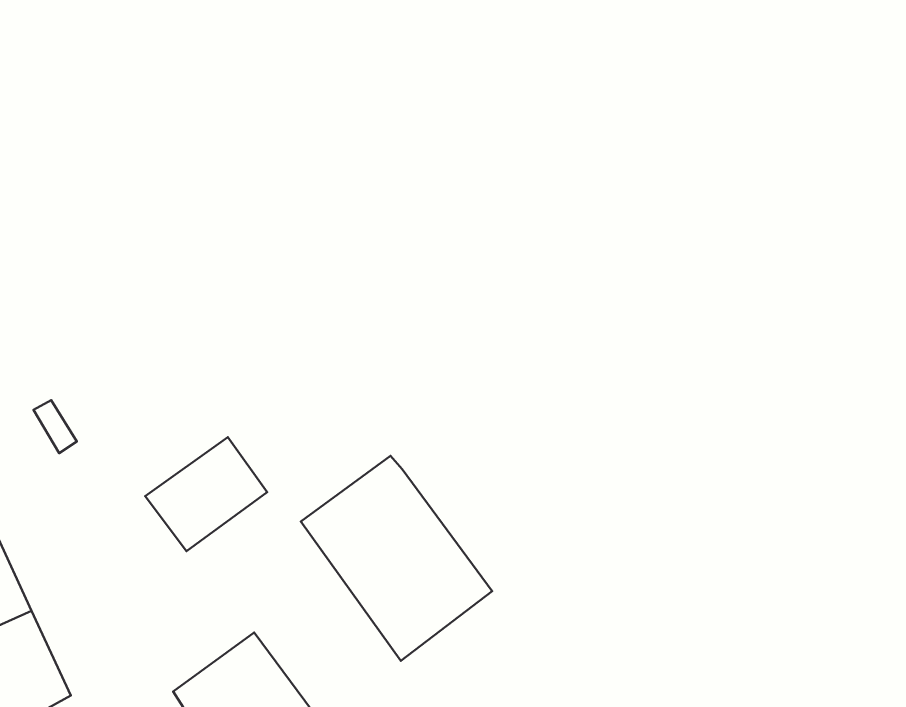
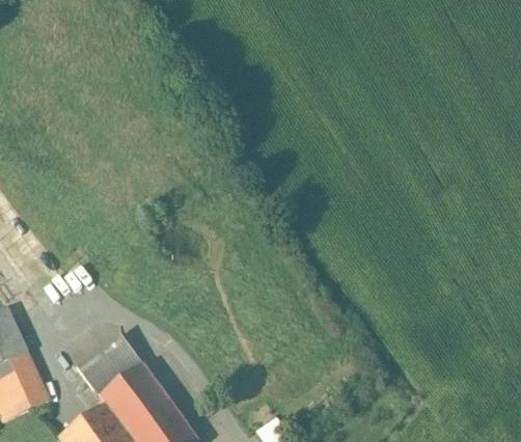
building: [145,437,267,551] -> [79,335,143,395]
building: [301,456,492,661] -> none

